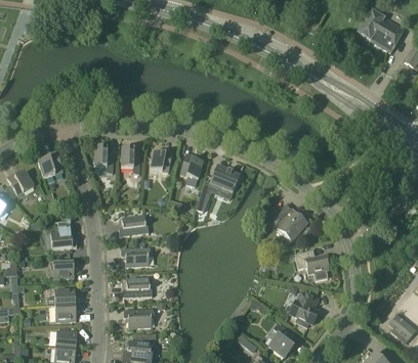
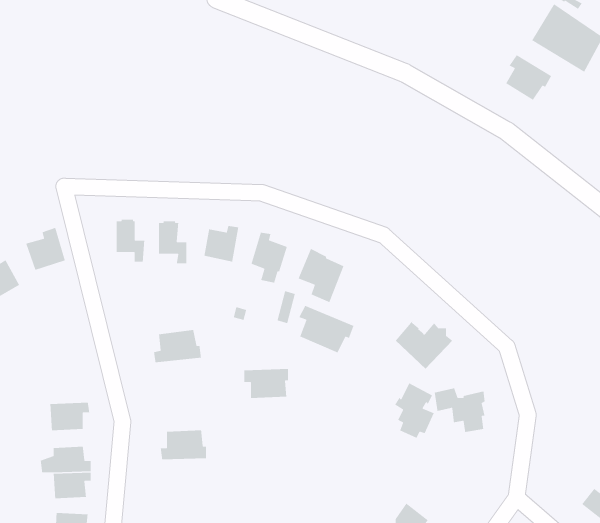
building: none -> [505,54,552,101]
building: none -> [298,305,354,353]
building: [51,220,78,248] -> none
building: [122,246,151,266] -> [244,368,289,399]
building: [290,290,319,326] -> [389,382,435,439]
building: [124,308,154,327] -> none

